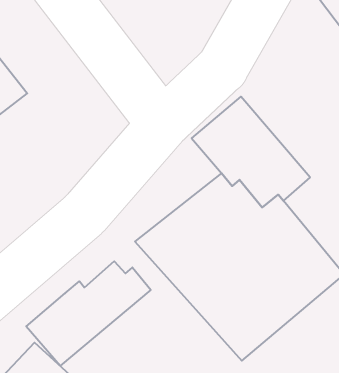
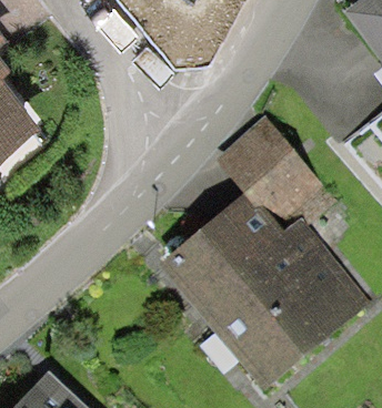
building: [26,261,151,366] -> none

